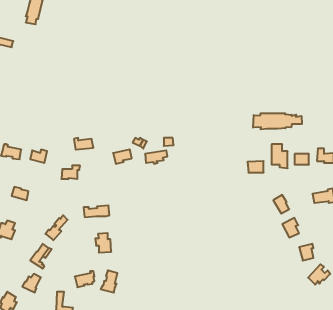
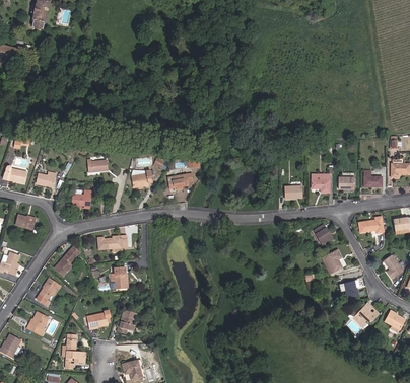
building: [253,113,302,129] -> none

